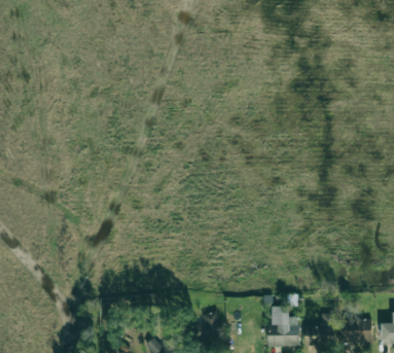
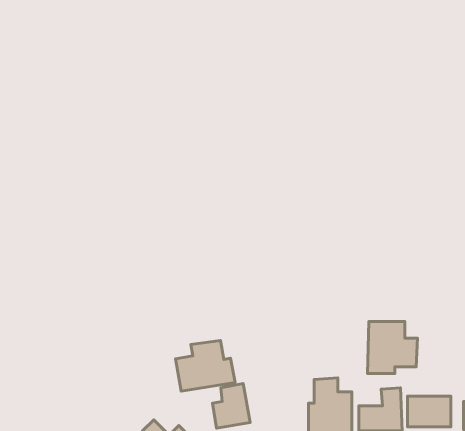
building: none -> [367,321,417,374]
building: none -> [176,341,235,391]

